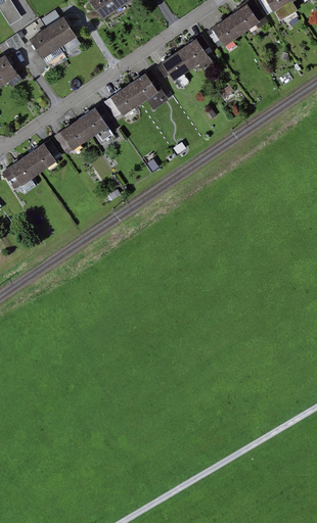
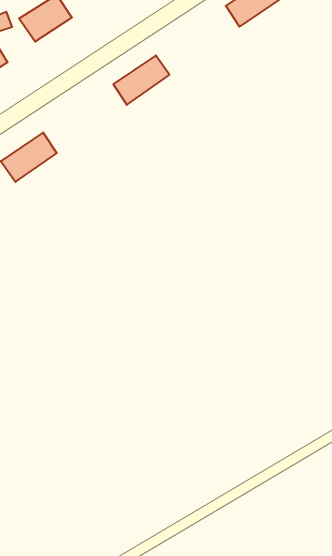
building: [160,38,210,82] -> none
building: [59,106,109,151] -> none

